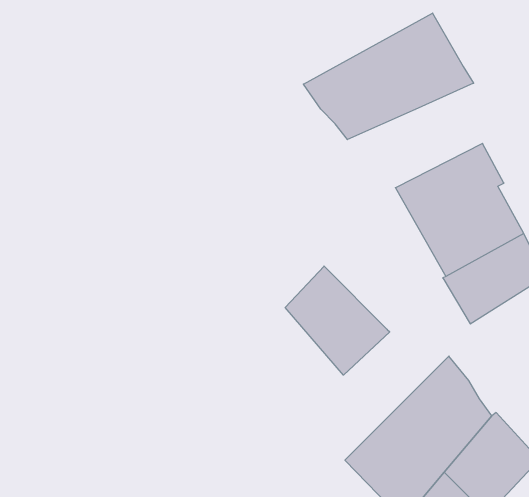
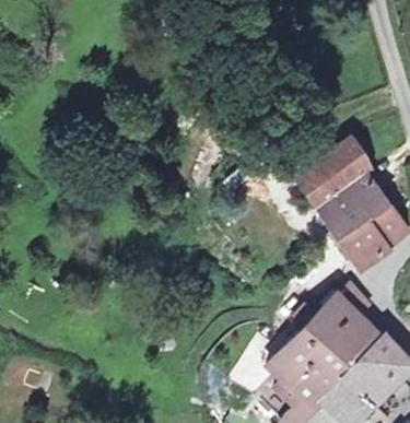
building: [303,13,474,140] -> none
building: [285,266,390,375] -> none

